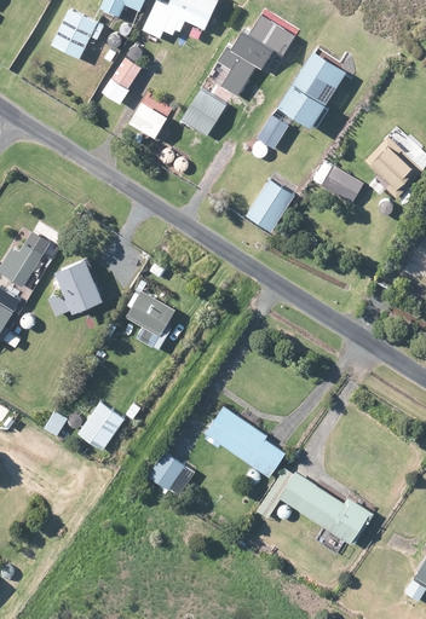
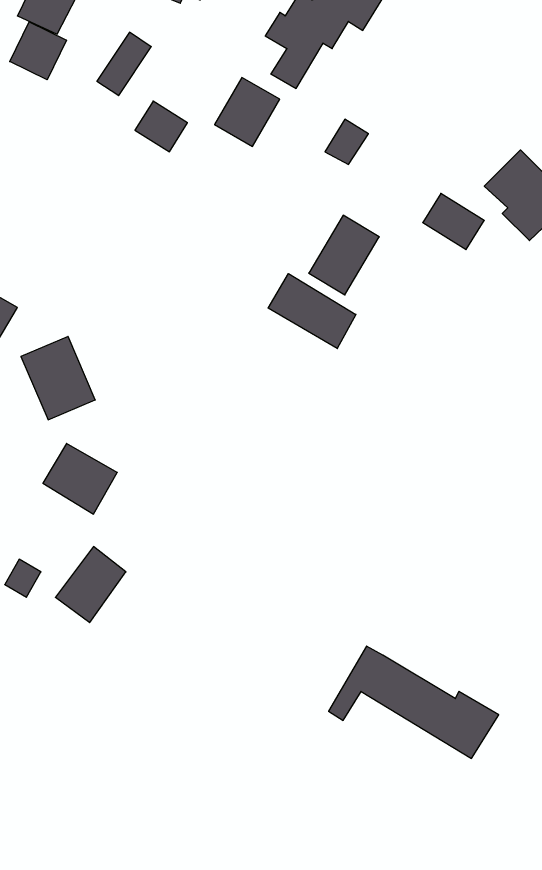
building: none -> [10,22,66,80]
building: [277,52,347,129] -> none
building: none -> [268,274,356,349]
building: [127,291,177,339] -> [43,443,117,514]
building: [203,406,286,478] -> none
building: [146,451,192,496] -> none

